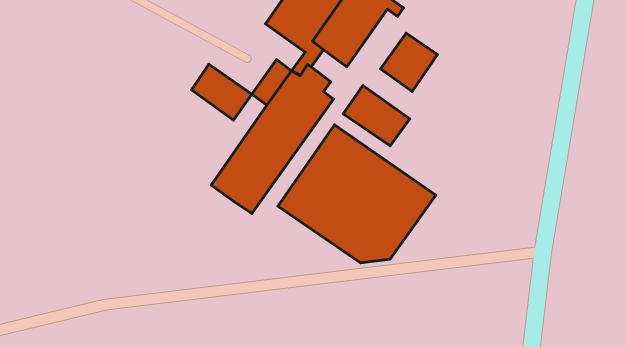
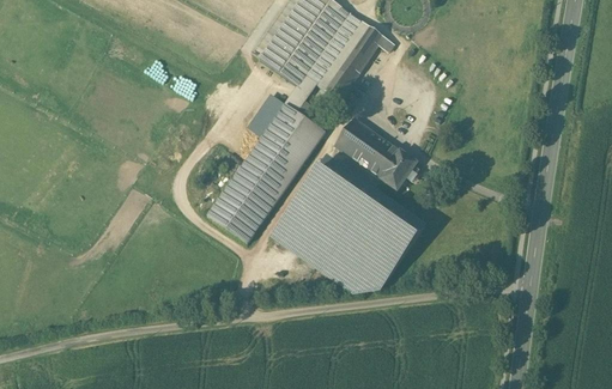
building: [380,33,437,91] -> none
building: [191,64,252,120] -> none
building: none -> [378,150,417,190]

